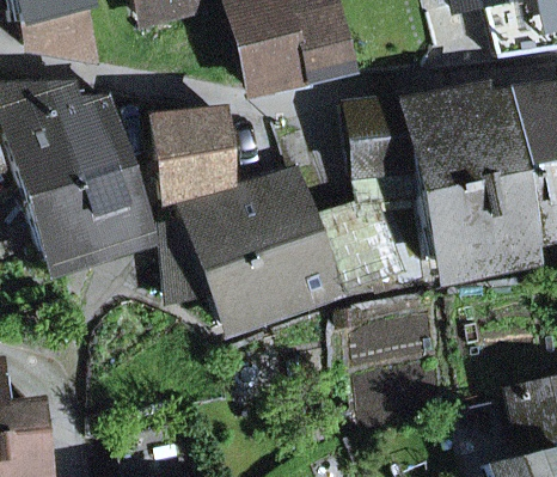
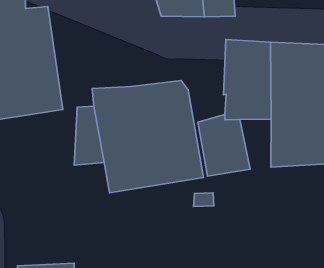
building: [155,111,231,200] -> none

